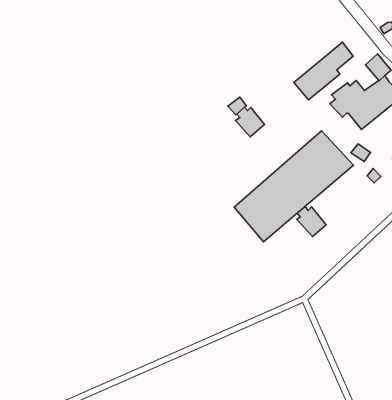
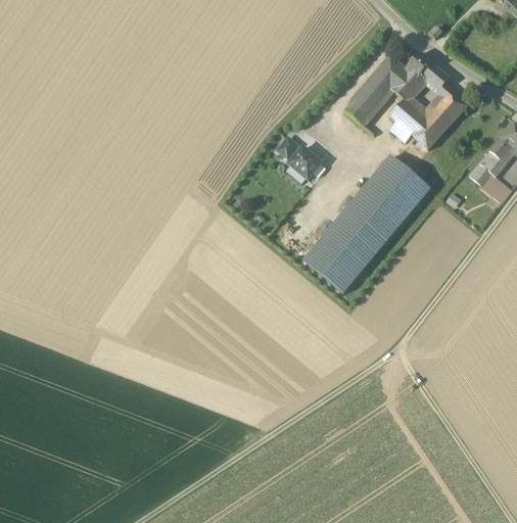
building: none -> [390,52,432,103]
building: [297,207,326,237] -> none

